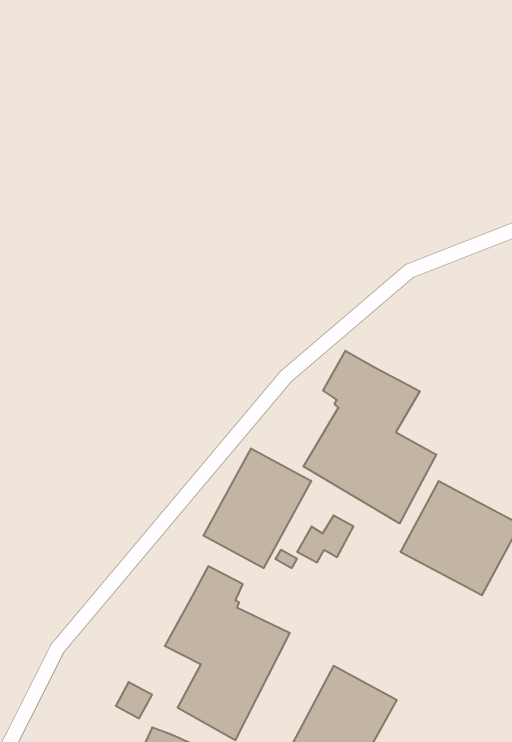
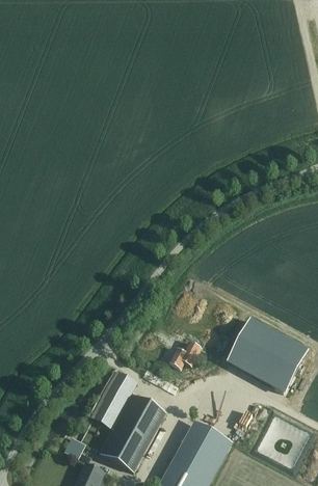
building: [303,351,436,523] -> none
building: [203,448,311,568] -> none

